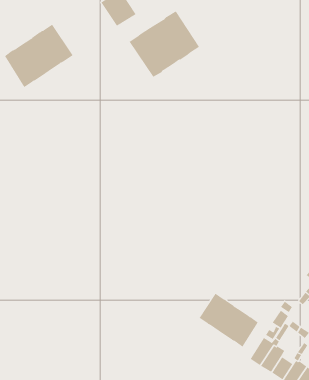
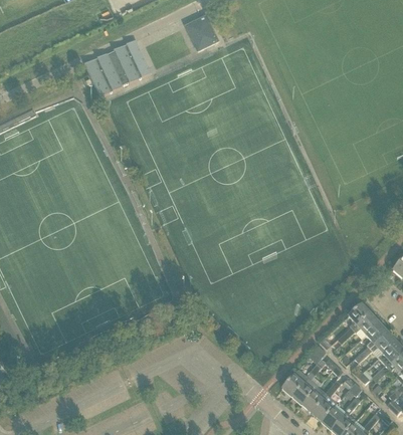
building: [129,10,200,77] -> none
building: [199,293,258,347] -> none

